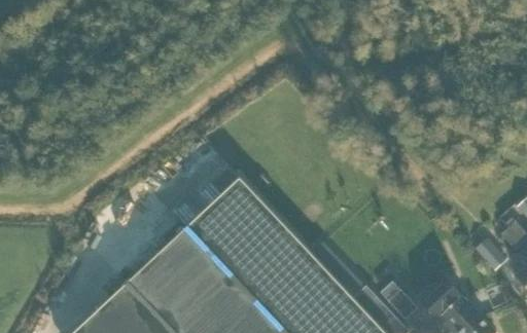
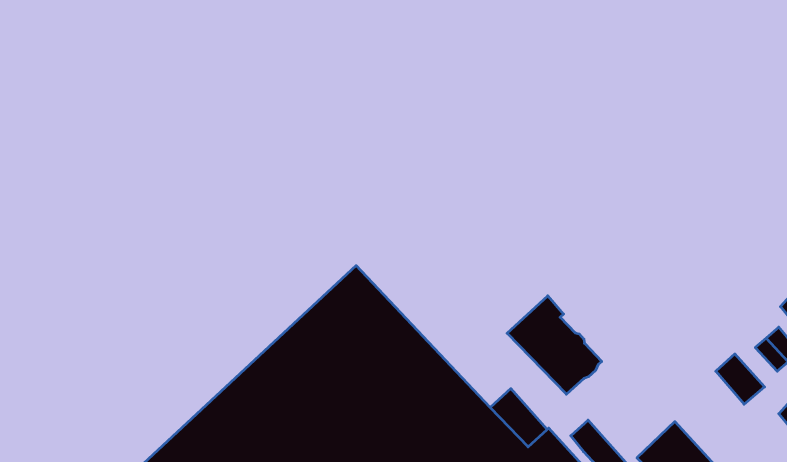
building: none -> [507,296,602,394]

